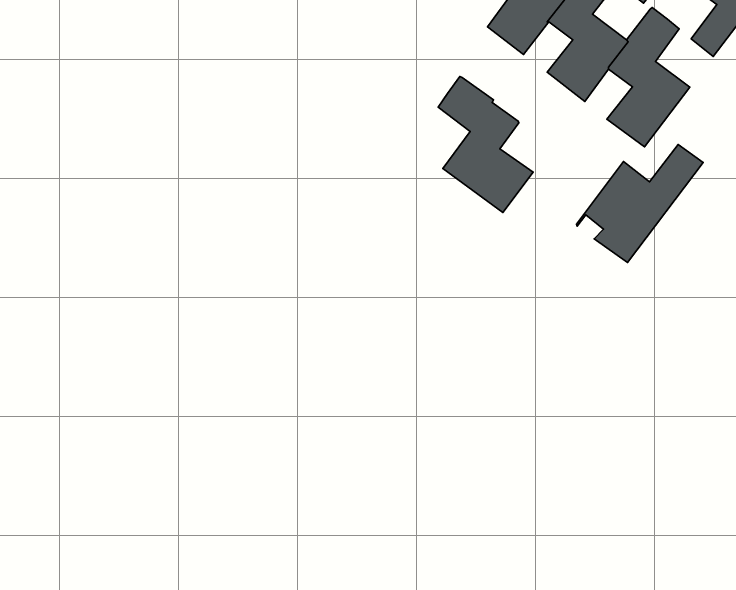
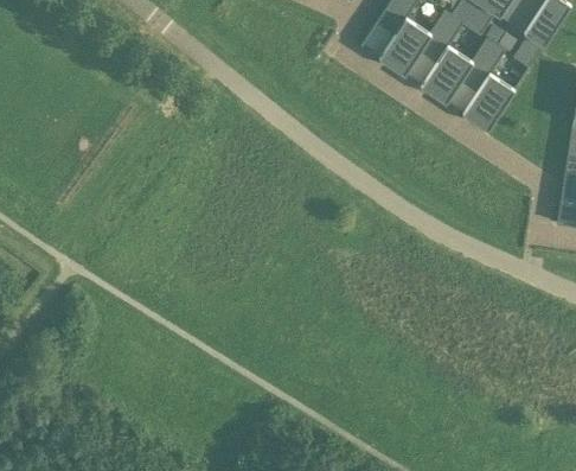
building: [438,76,533,213] -> none
building: [577,144,703,263] -> none

